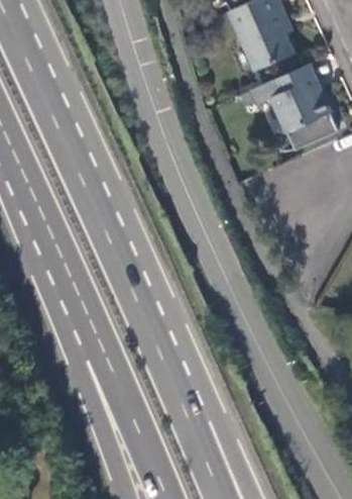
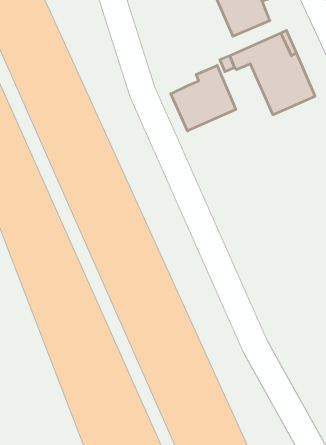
building: none -> [171,65,236,131]

